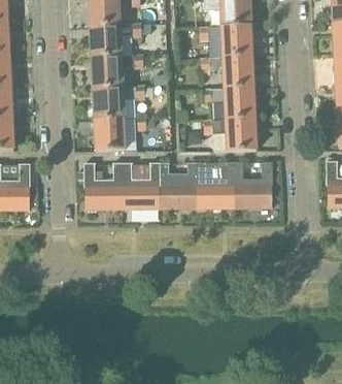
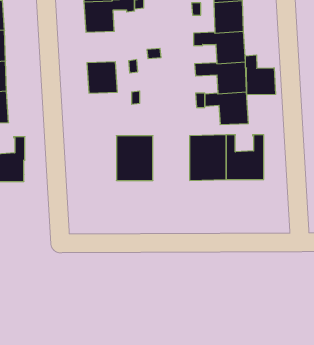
building: [92,54,143,88] -> none
building: none -> [246,55,275,95]
building: [95,118,125,151] -> none
building: [83,162,123,207] -> none
building: [160,162,197,207] -> none

